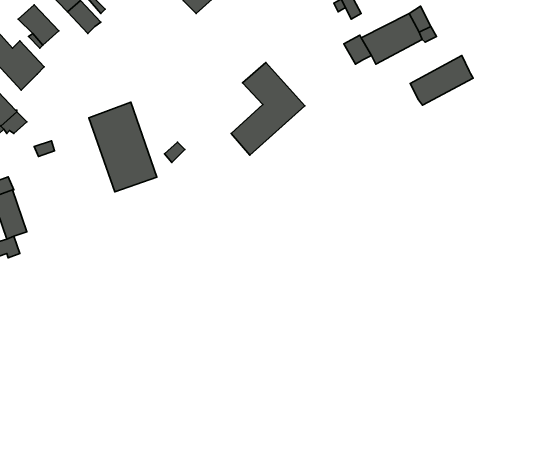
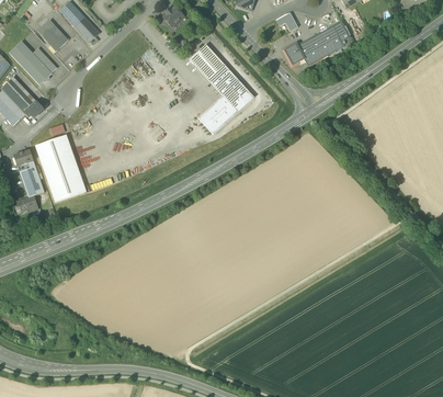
building: none -> [190,44,225,79]
building: [410,55,473,105] -> none
building: [89,102,157,192] -> [35,134,87,202]

